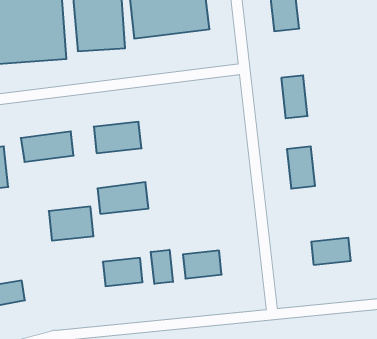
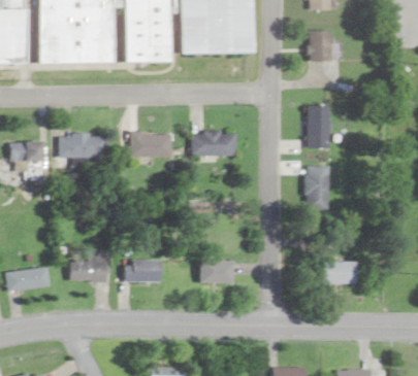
building: [97,182,148,214] -> [192,131,237,156]
building: [49,207,94,241] -> [70,252,109,280]
building: [151,250,173,284] -> none

